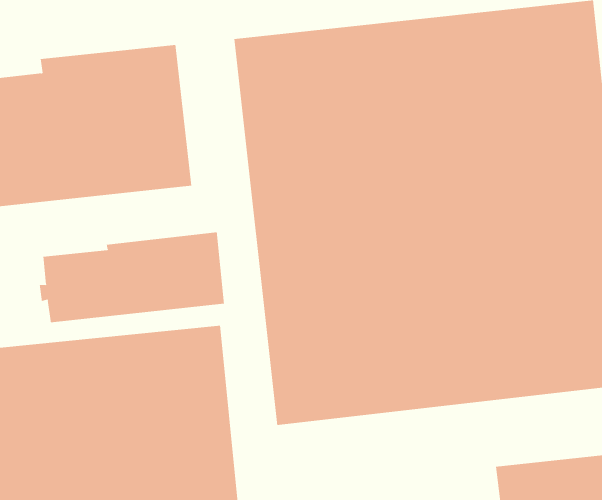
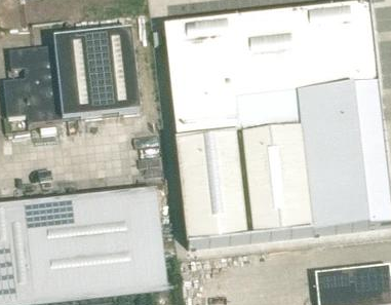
building: [39,232,225,323] -> none

